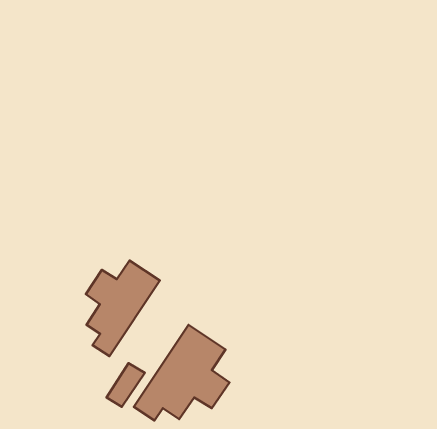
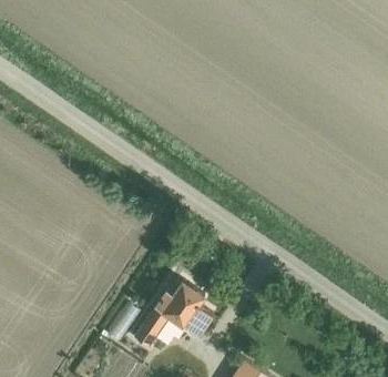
building: [86,260,160,356] -> none

